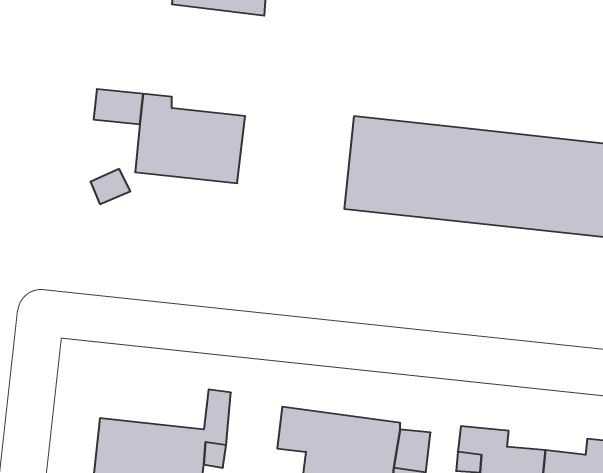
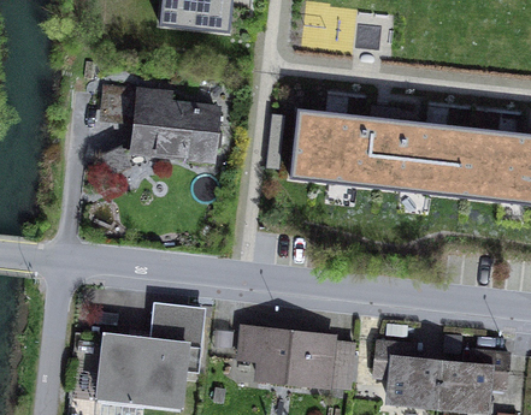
building: none -> [149,302,206,344]

